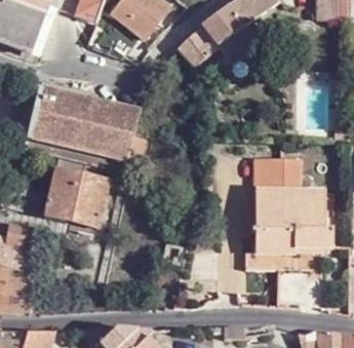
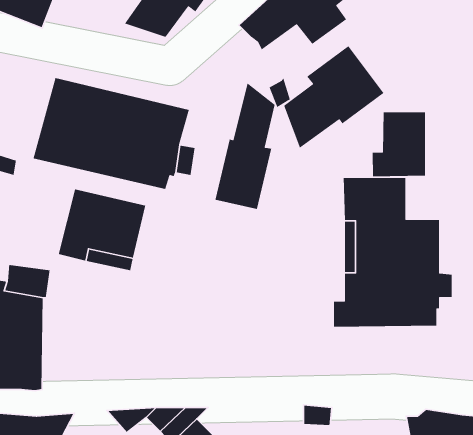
building: none -> [283,45,384,149]
building: none -> [214,82,275,210]
building: none -> [372,111,426,177]

